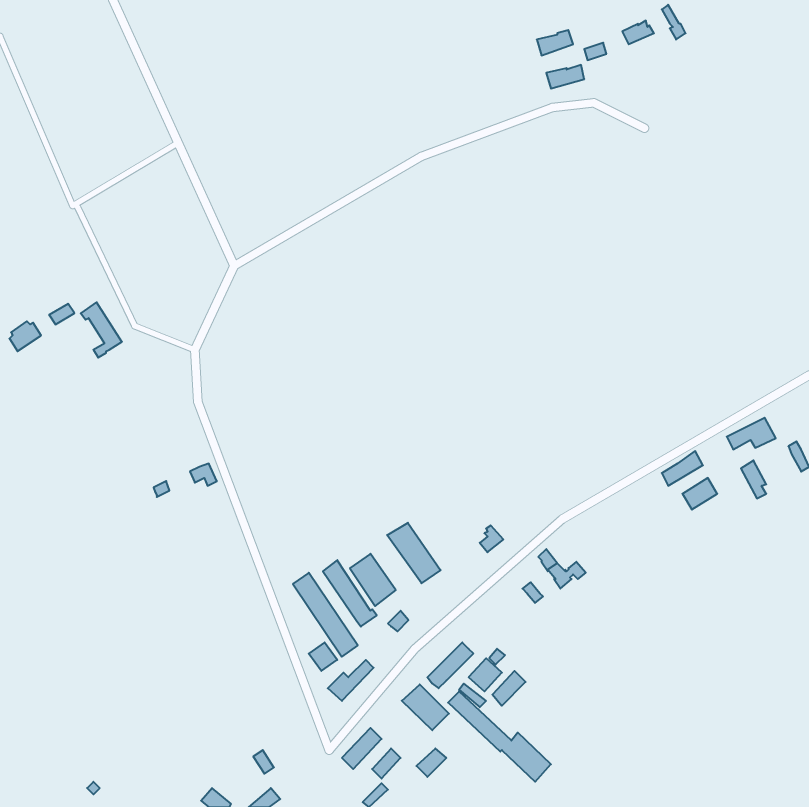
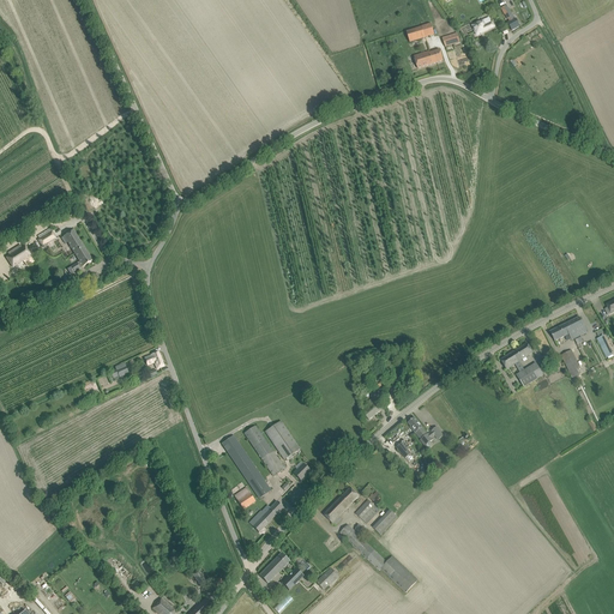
building: [387,523,441,583] -> none
building: [402,684,449,730] -> none

